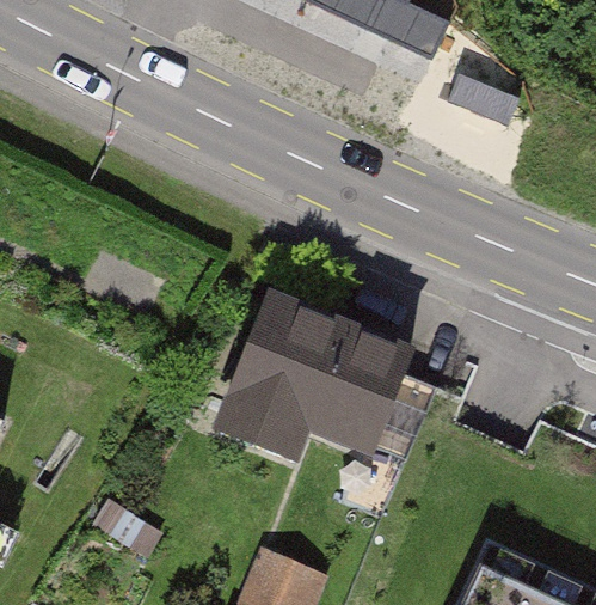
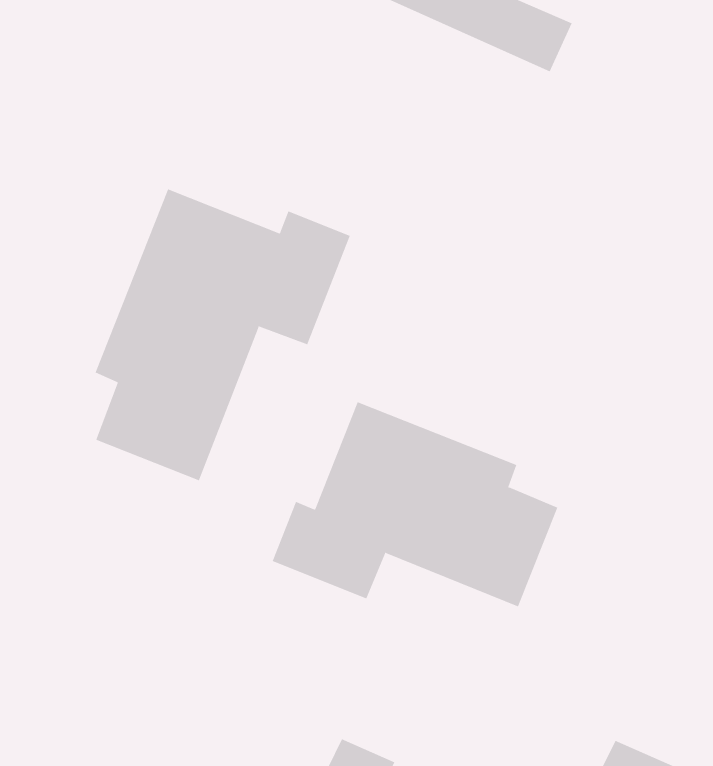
building: none -> [95,189,350,481]

